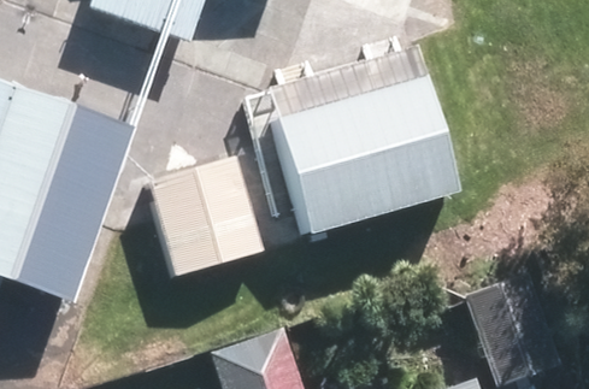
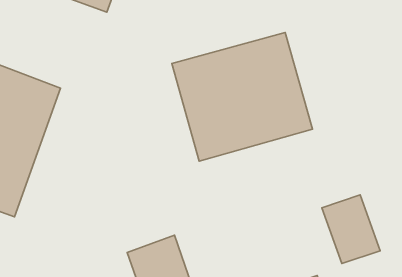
building: [145,146,265,263] -> none

